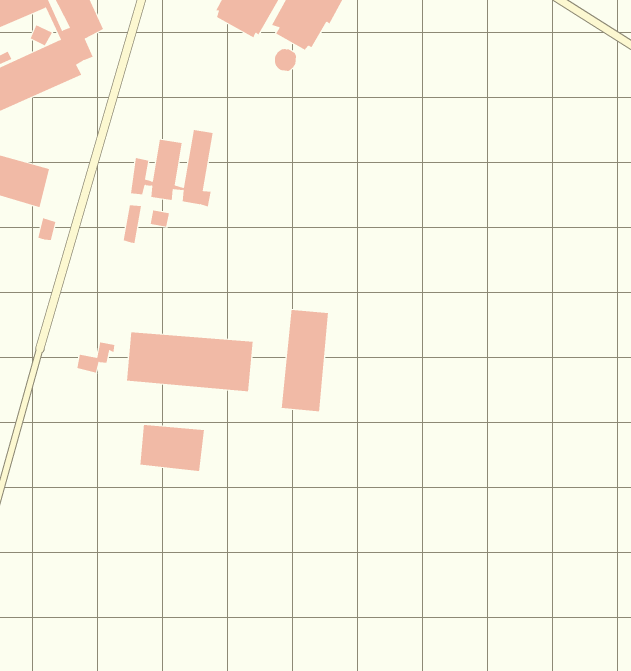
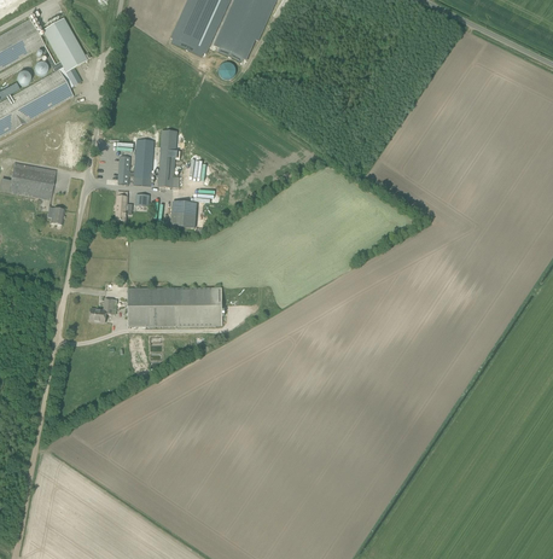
building: none -> [169,199,196,227]
building: [281,309,329,412] -> none
building: [140,424,205,472] -> none

